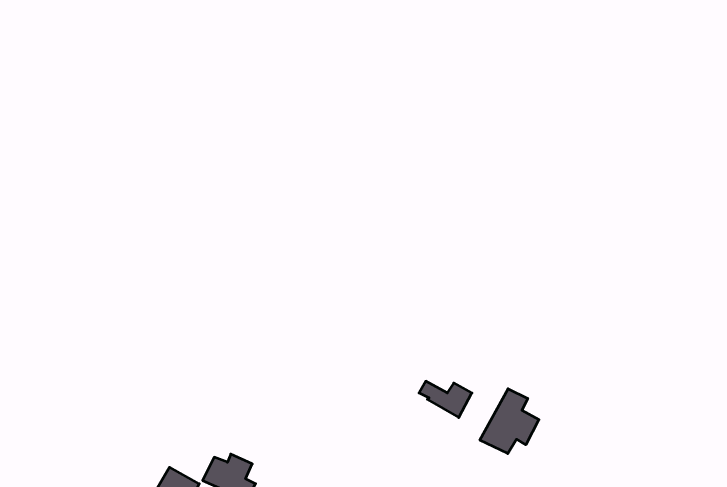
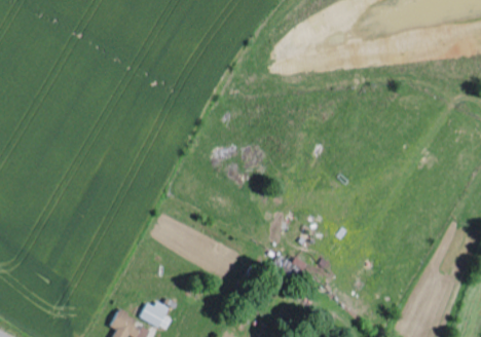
building: [480,389,539,454] -> none

